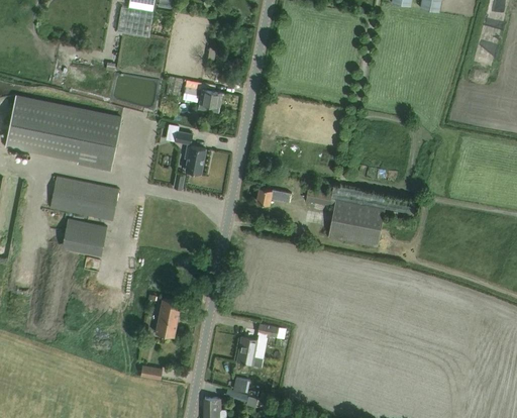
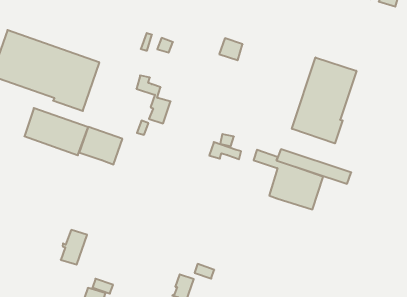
building: none -> [292,57,356,143]
building: [197,88,221,110] -> [219,38,243,60]
building: [61,218,106,255] -> [79,127,122,164]
building: [154,299,180,336] -> [61,230,87,265]

